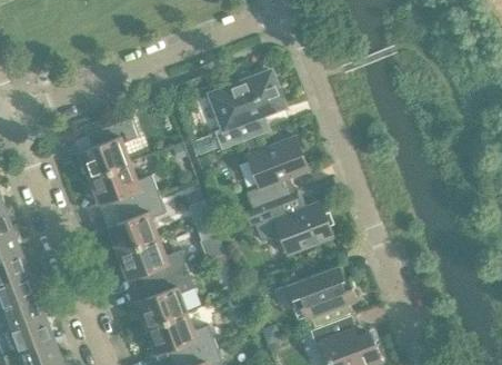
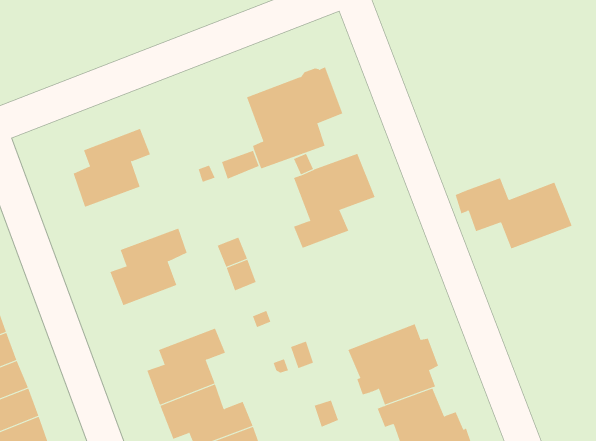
building: [88,162,159,210] -> none
building: [244,199,333,254] -> [455,177,572,249]
building: [117,237,187,286] -> none

